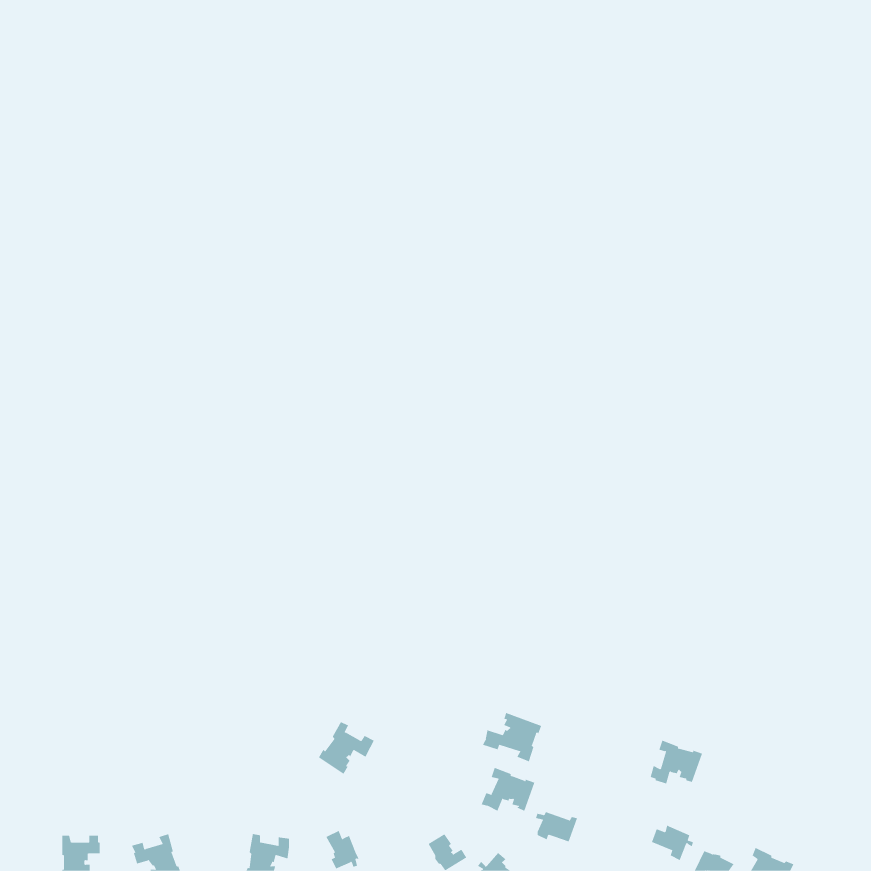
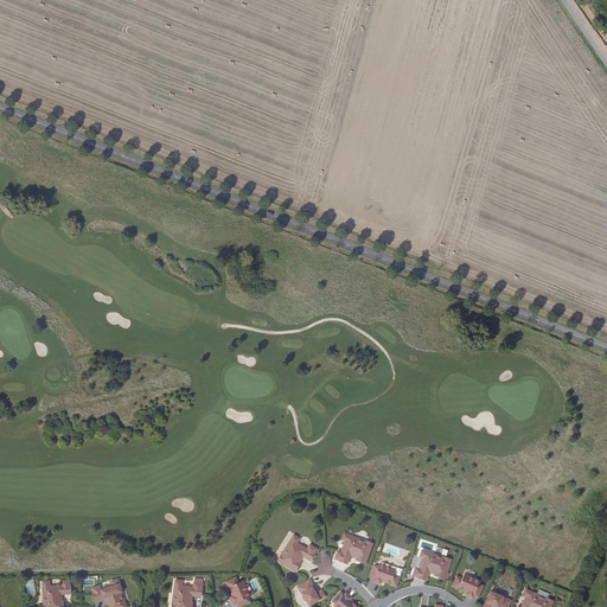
building: [482,712,542,762] -> none
building: [318,722,374,774] -> [277,536,317,573]
building: [650,740,703,784] -> [414,550,451,581]

